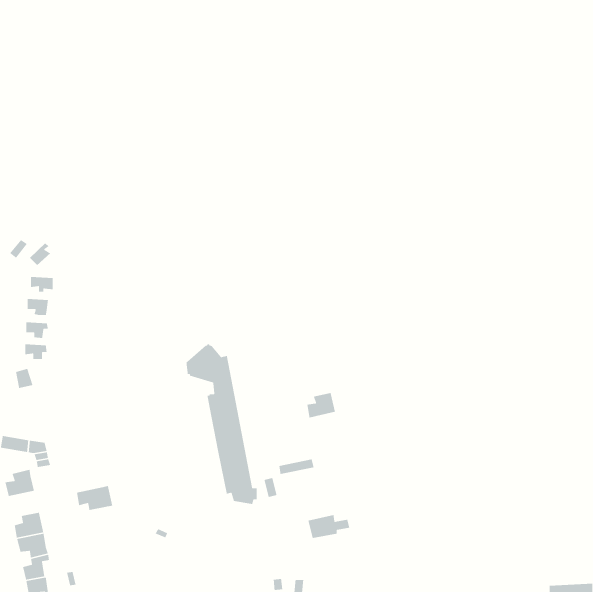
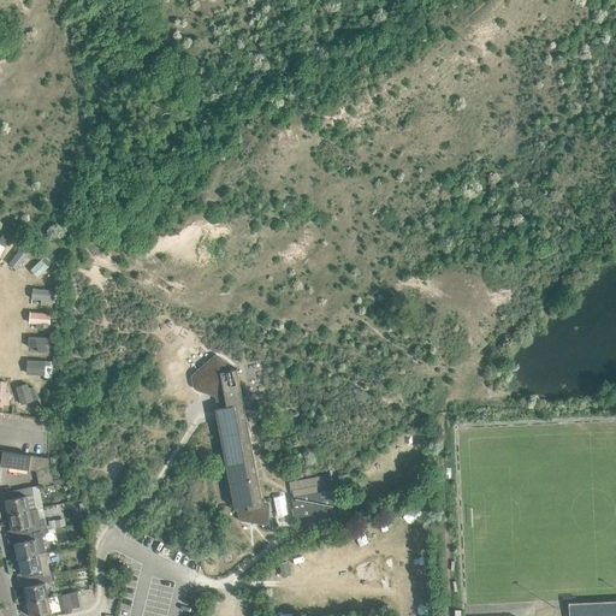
building: [306,392,336,419] -> none
building: [76,485,113,511] -> [8,509,47,535]
building: [307,514,350,539] -> [291,493,336,519]

